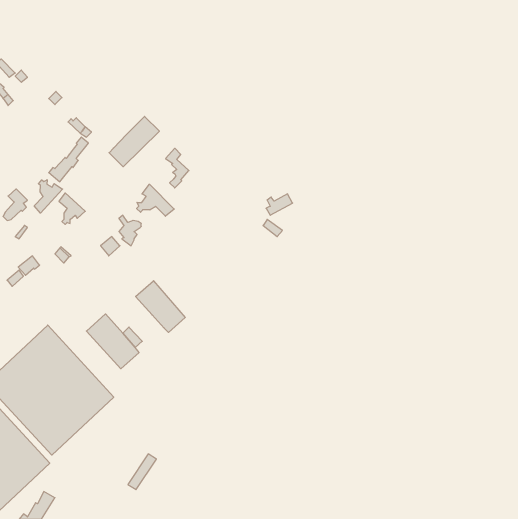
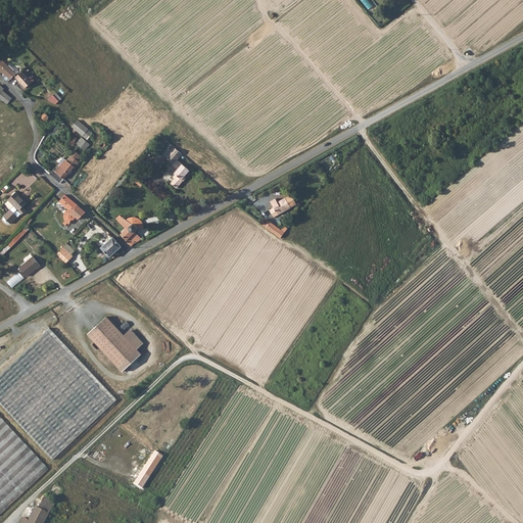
building: [109,116,159,167] -> none
building: [34,180,63,213] -> none
building: [137,184,174,216] -> none
building: [136,281,185,332] -> none

